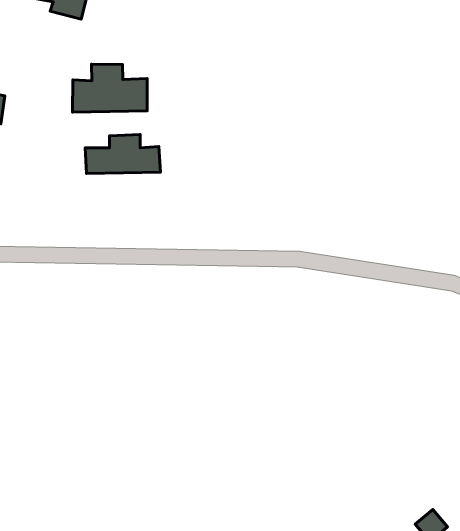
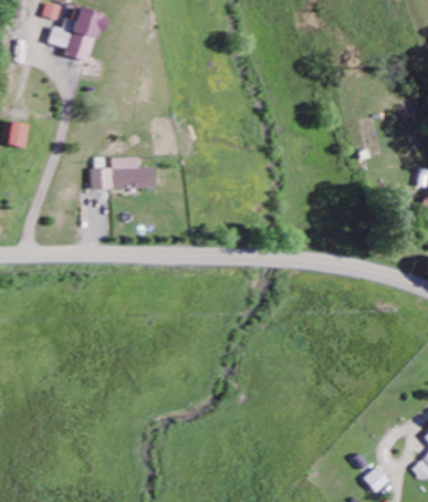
building: [73,64,147,112] -> none

